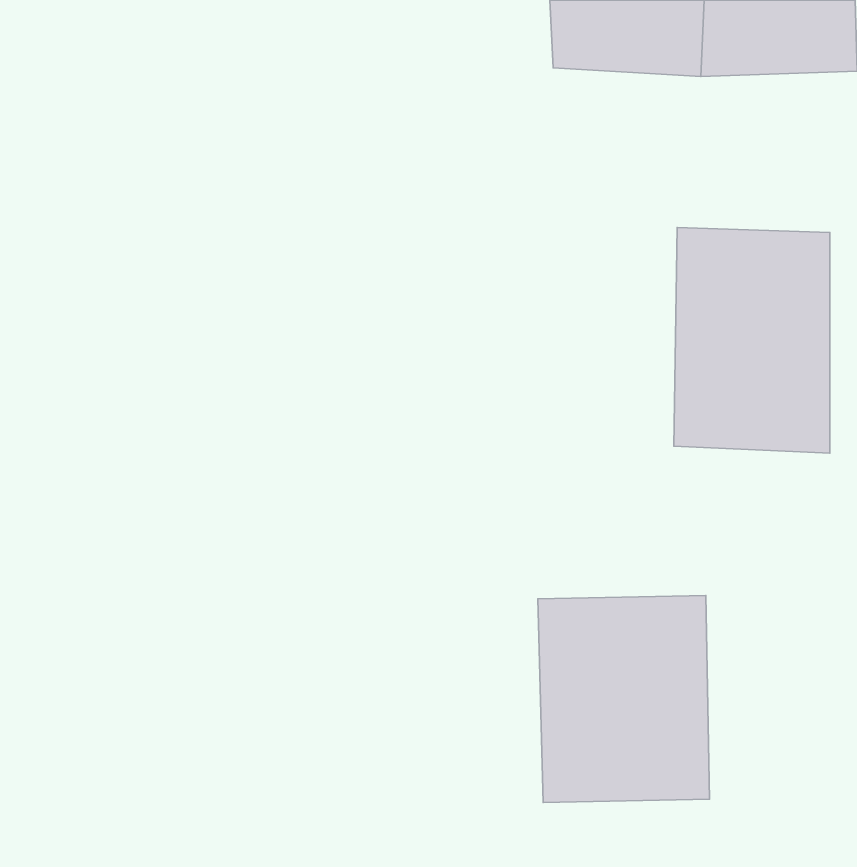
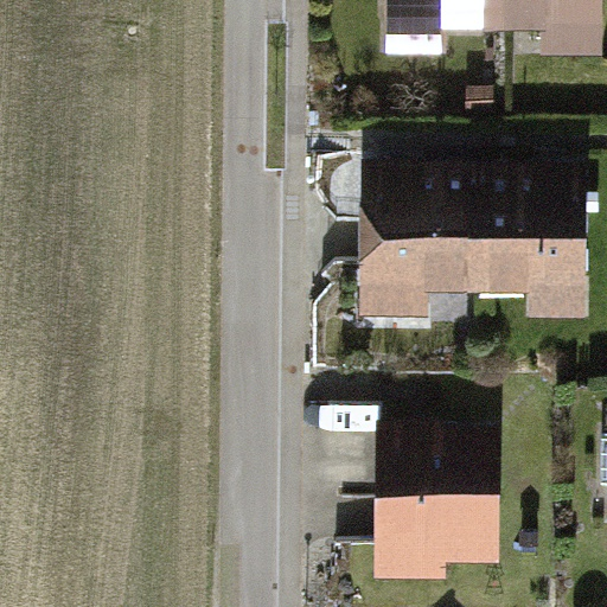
building: none -> [362,159,473,312]

